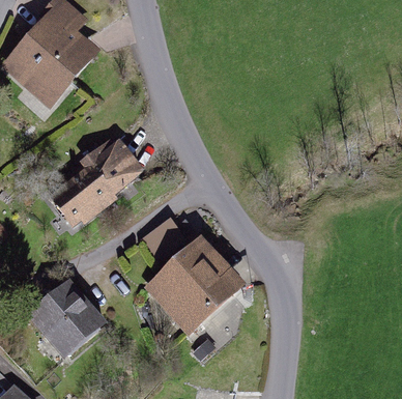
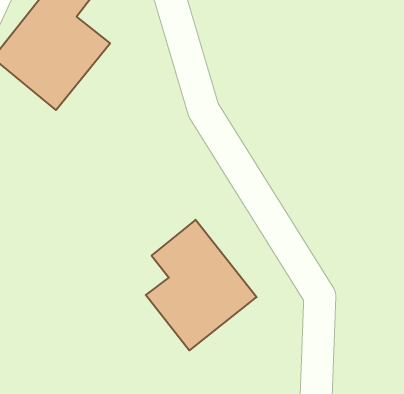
building: [46,138,147,231] -> none
building: [30,284,102,357] -> none

